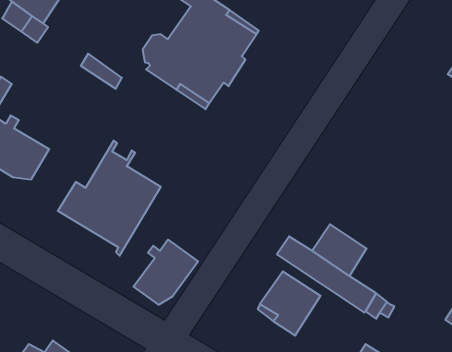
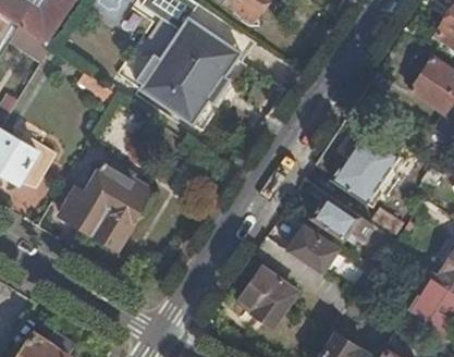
building: none -> [333,131,398,201]
building: none -> [311,192,373,238]
building: [133,240,198,305] -> none

